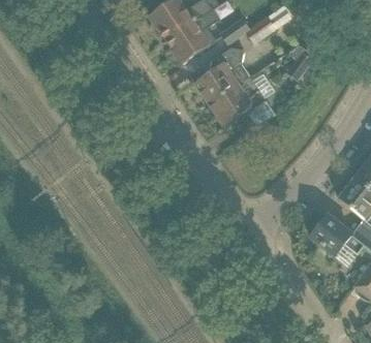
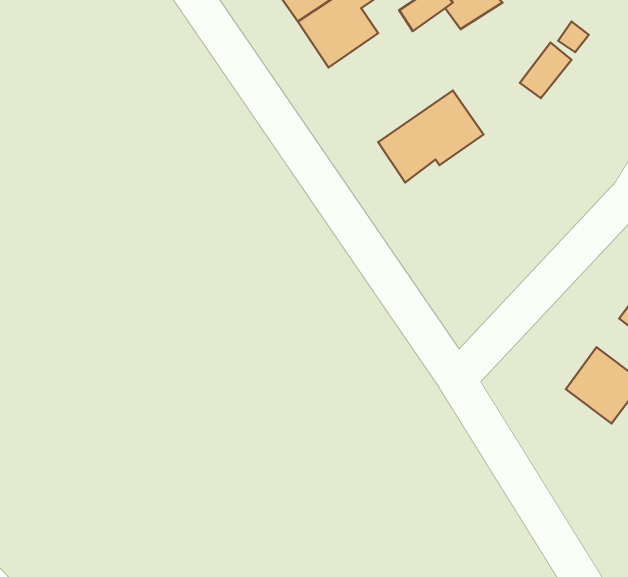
building: [194,48,249,104] -> none

